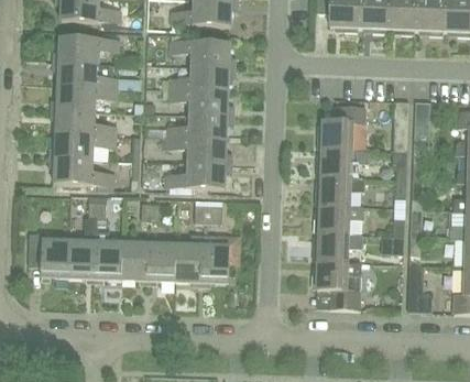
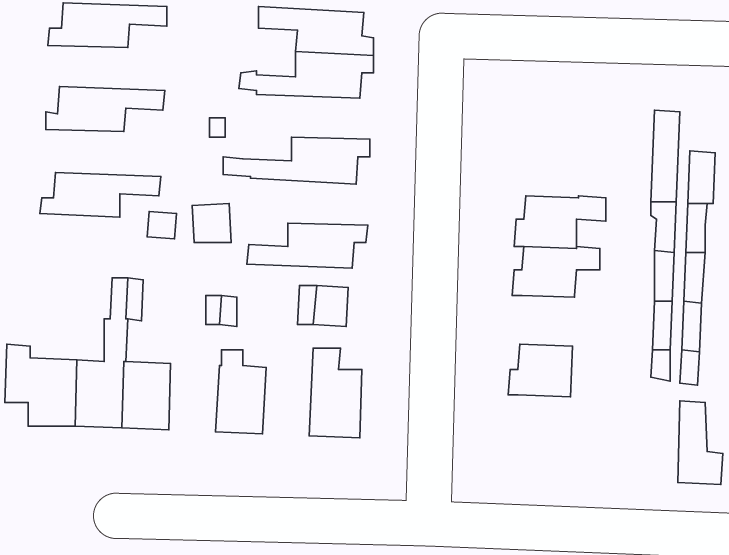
building: [52,63,118,88] -> none
building: [168,90,234,116] -> none
building: [316,106,365,149] -> none
building: [50,110,116,137] -> none
building: [166,138,232,164] -> none
building: [47,157,113,186] -> none
building: [313,204,362,232] -> none
building: [173,232,201,283] -> none
building: [120,242,149,281] -> none
building: [310,260,360,310] -> none

